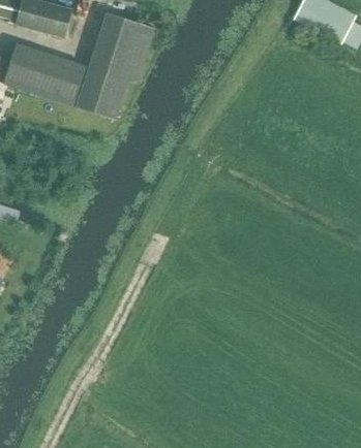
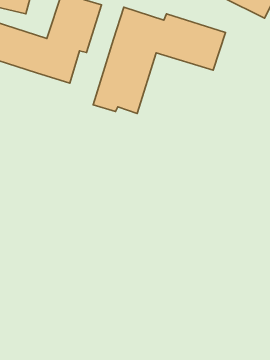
building: none -> [93,7,225,113]

